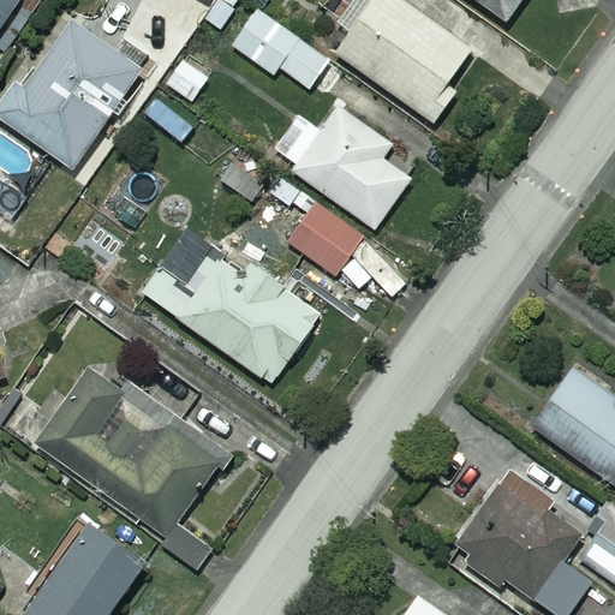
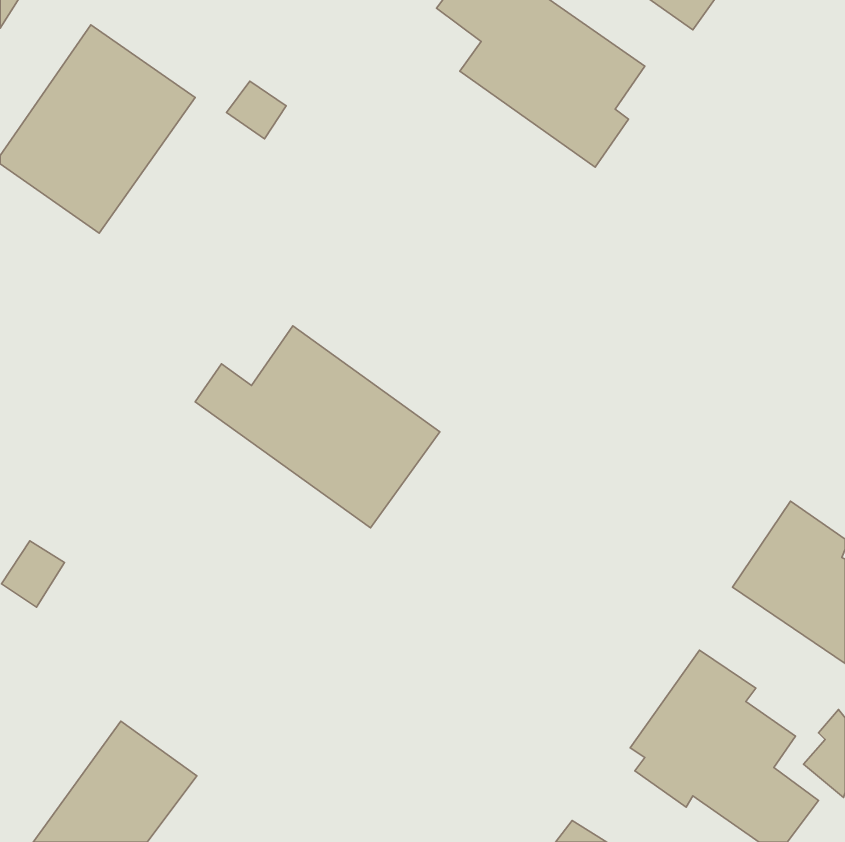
building: [231,7,344,97] -> none
building: [273,106,410,228] -> none
building: [286,201,364,275] -> none
building: [35,372,227,566] -> none

